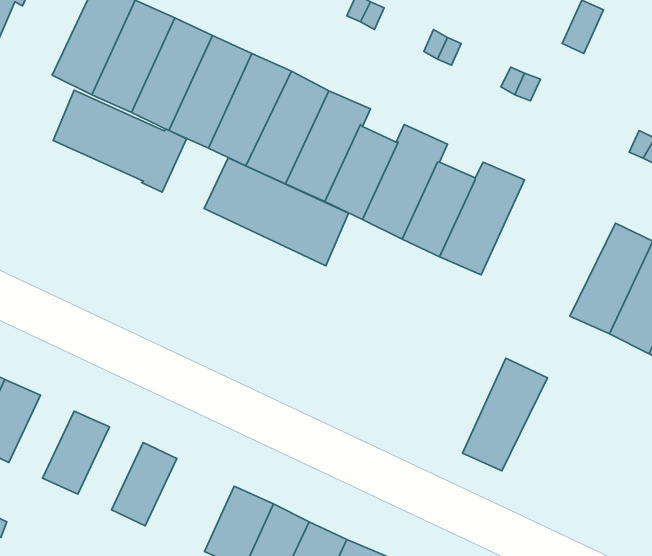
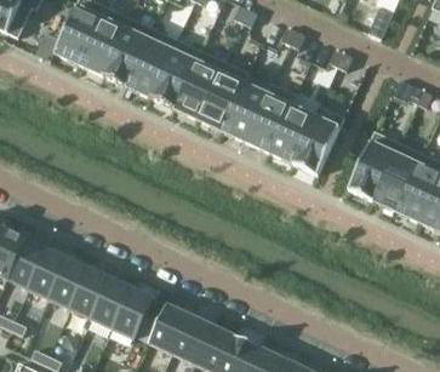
building: [53,90,187,192] -> none
building: [204,158,349,266] -> none
building: [462,358,547,471] -> [348,131,400,200]
building: none -> [28,248,68,299]
building: none -> [70,268,110,319]
building: none -> [112,287,154,339]

